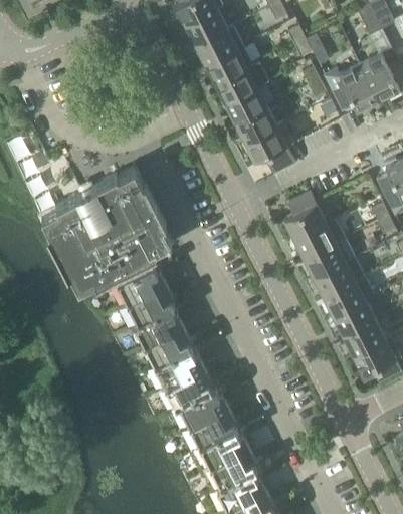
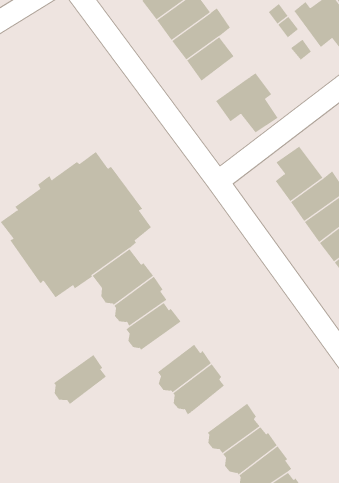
building: [235,105,277,142] -> none
building: [144,326,192,366] -> [53,354,107,405]
building: [180,387,229,426] -> none

